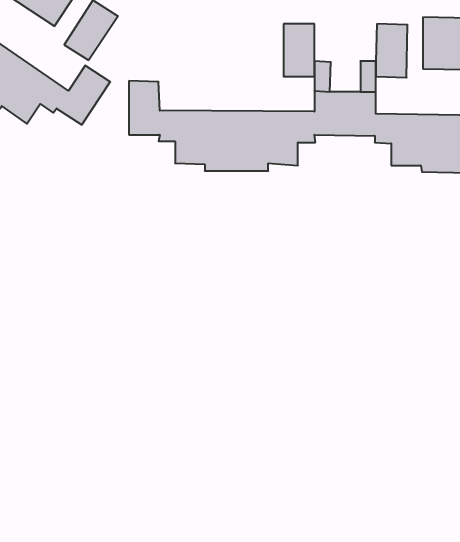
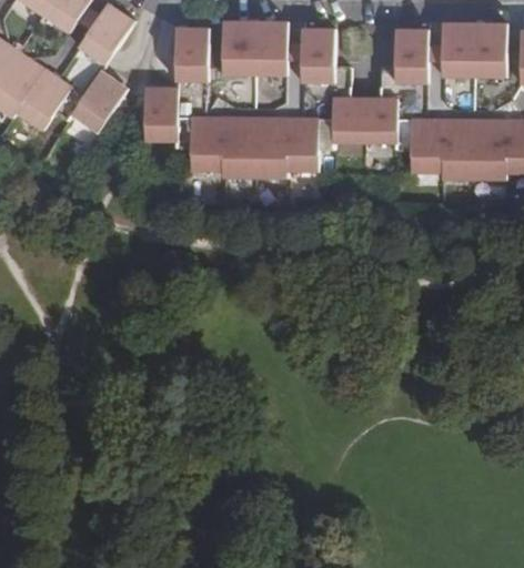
building: none -> [222,20,288,74]
building: none -> [174,28,208,82]

